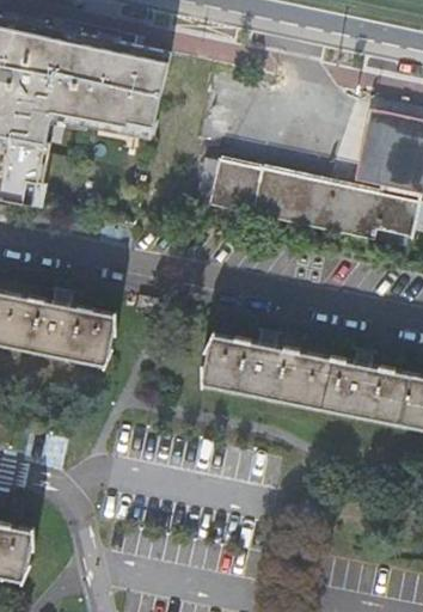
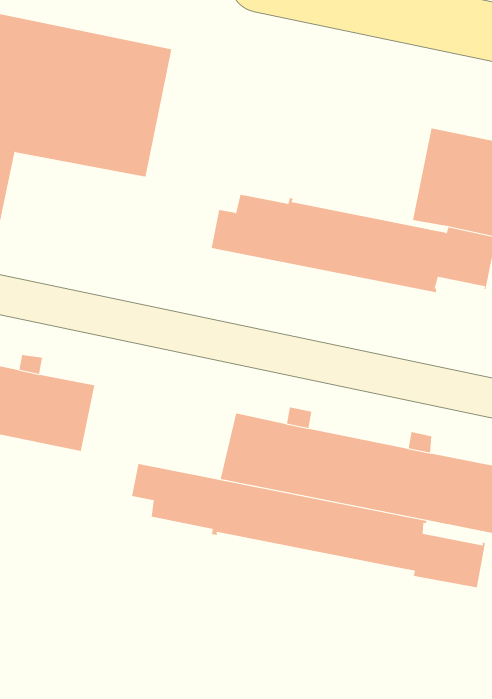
building: none -> [132,463,485,588]

